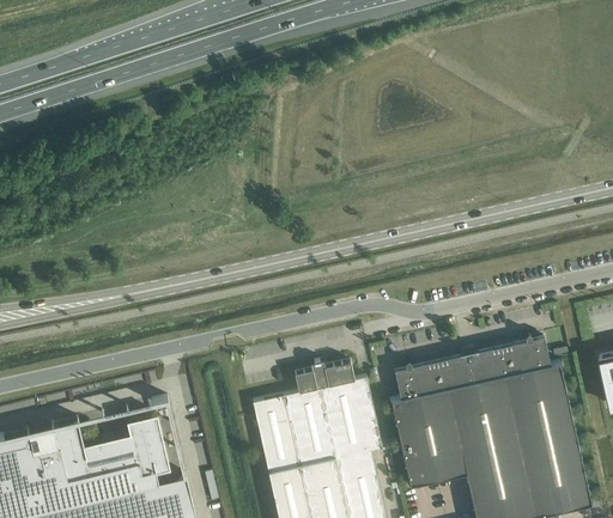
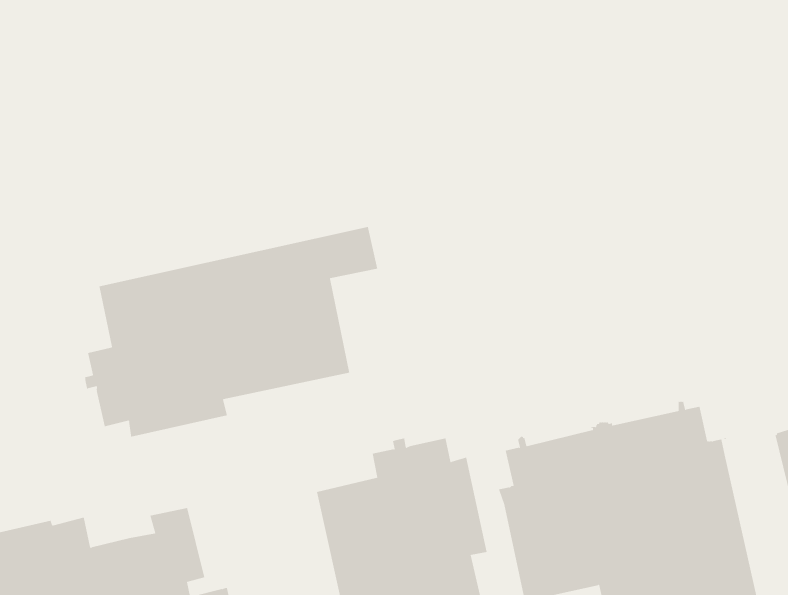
building: none -> [84,226,378,438]

